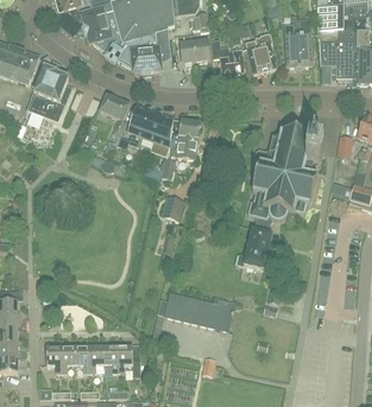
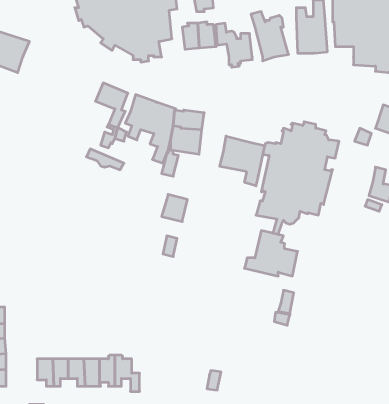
building: [25,65,70,120] -> none
building: none -> [220,136,264,186]
building: [151,291,233,341] -> none

